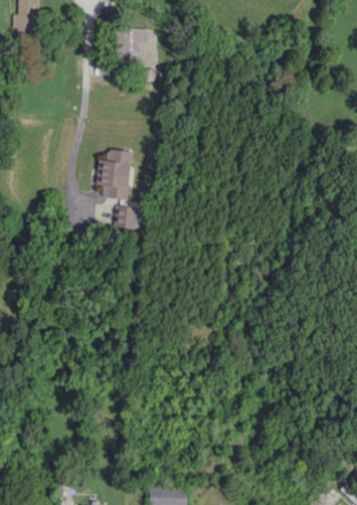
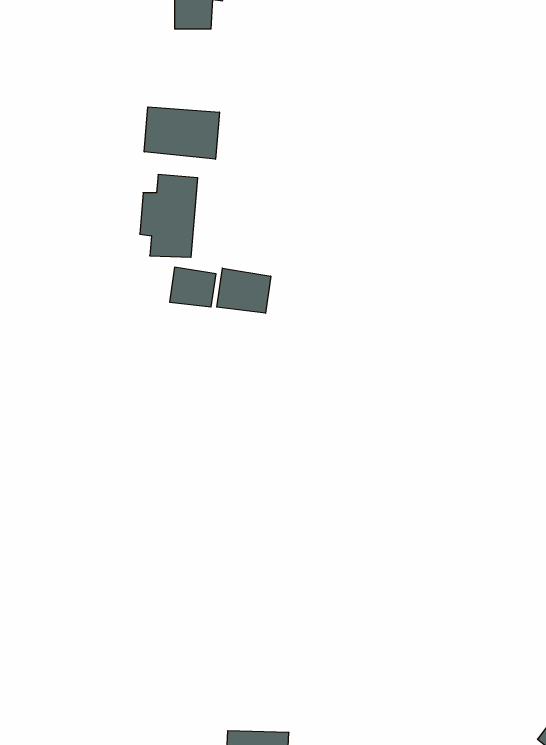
building: none -> [144,107,219,159]
building: none -> [217,268,271,313]

